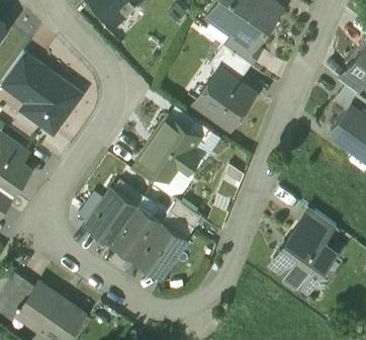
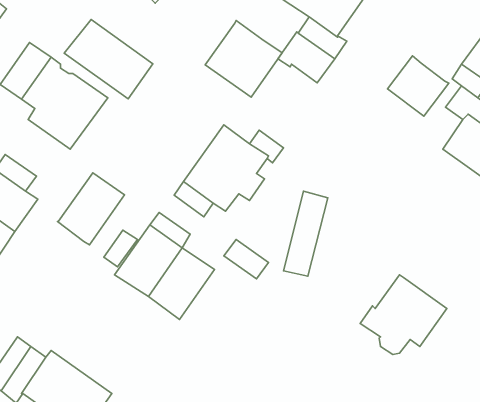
building: none -> [64,19,153,99]
building: none -> [388,56,449,116]
building: [196,71,254,129] -> [205,20,282,97]
building: none -> [58,173,124,245]
building: [303,214,337,246] -> none
building: [135,225,186,279] -> none

